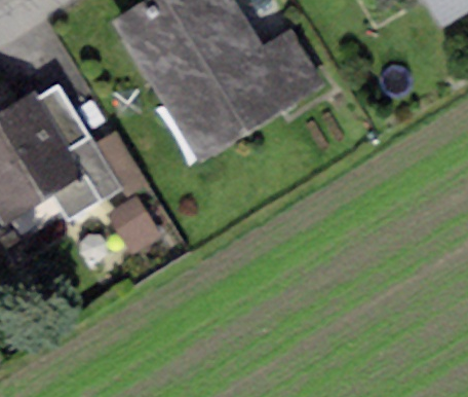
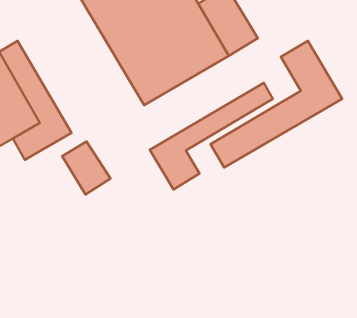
building: none -> [211,41,342,168]
building: none -> [150,83,273,189]

